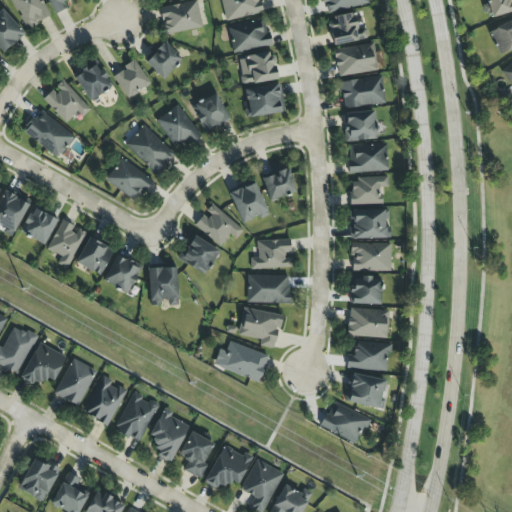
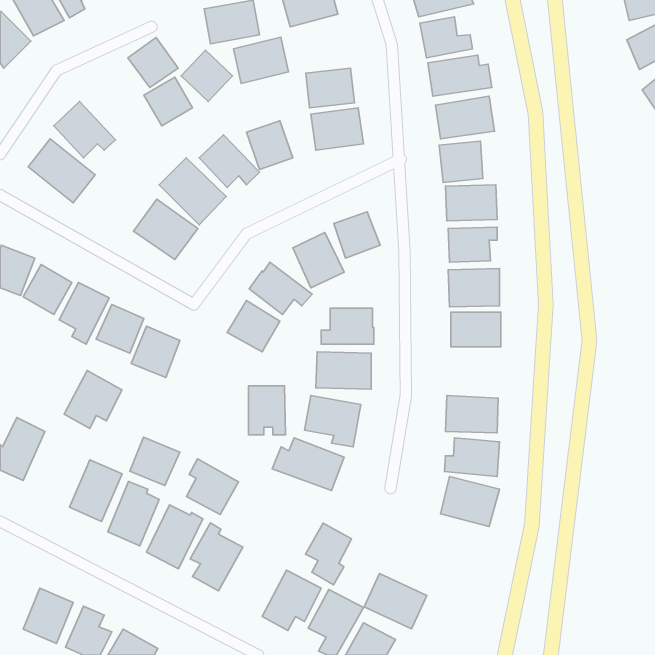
building: [228,17,271,53] -> [233,37,289,83]
building: [74,61,113,100] -> [128,37,178,88]
building: [149,267,178,305] -> [248,386,286,435]
building: [350,275,382,304] -> none
building: none -> [130,437,180,485]
building: [21,342,66,387] -> [64,371,122,428]
building: none -> [187,459,238,515]
building: [320,401,369,444] -> [364,574,427,629]
building: [178,431,214,479] -> [305,523,352,585]

